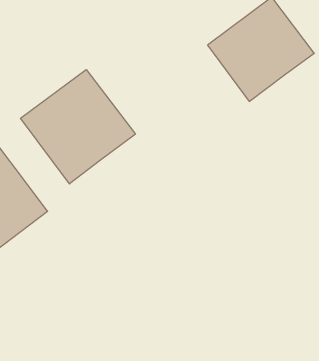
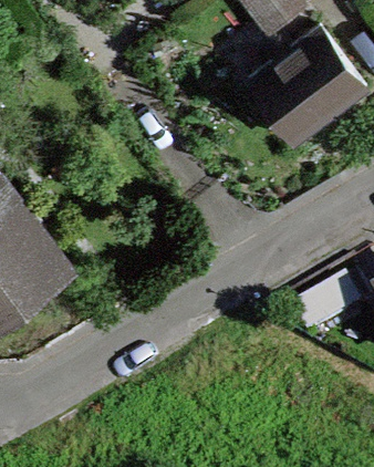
building: [21,70,135,184] -> none

